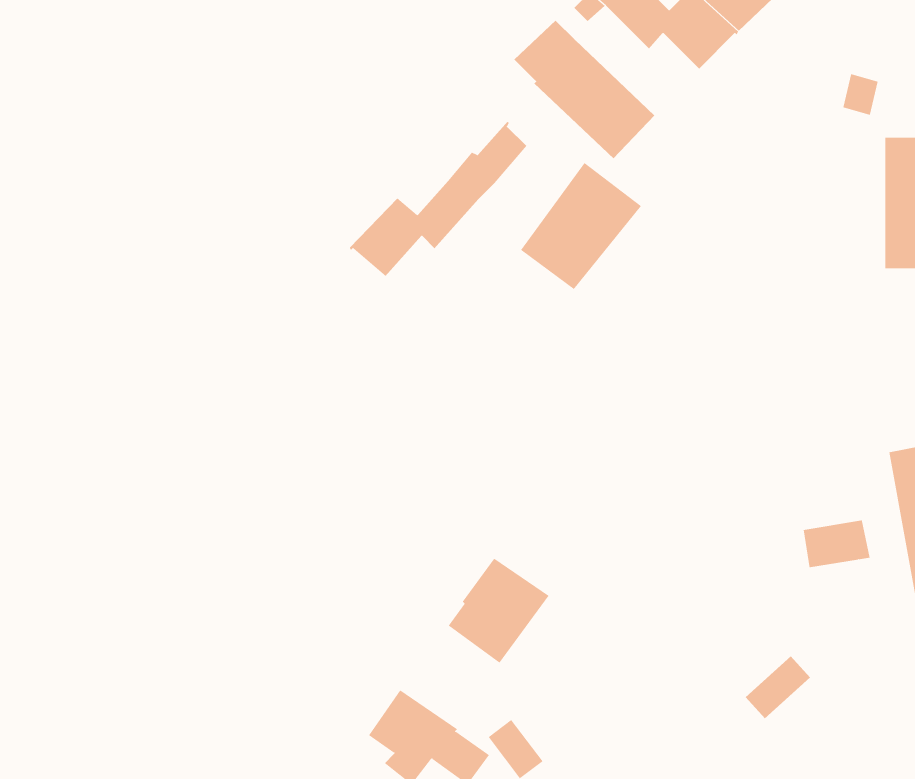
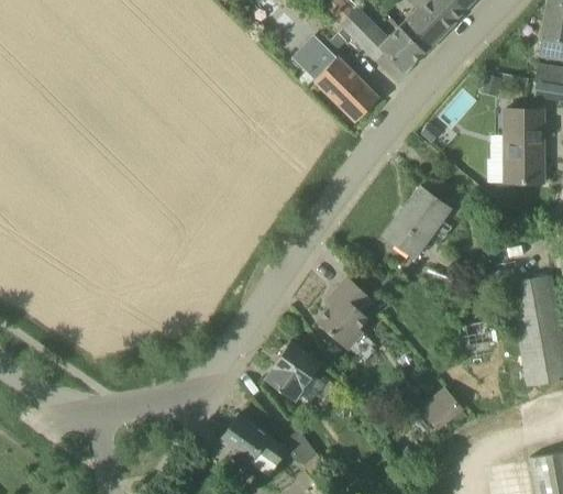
building: [349,121,527,277] -> none
building: [520,162,642,290] -> [385,187,452,257]
building: none -> [317,278,374,349]

